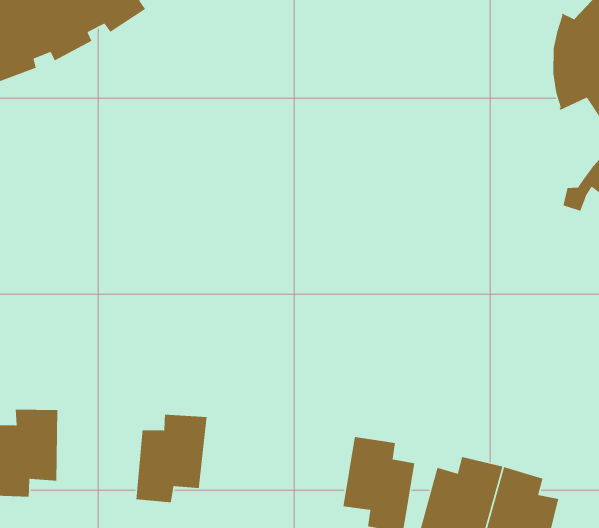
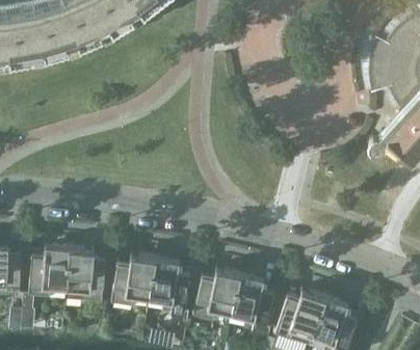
building: none -> [65,248,106,302]
building: none -> [149,258,190,315]
building: none -> [193,269,240,321]

